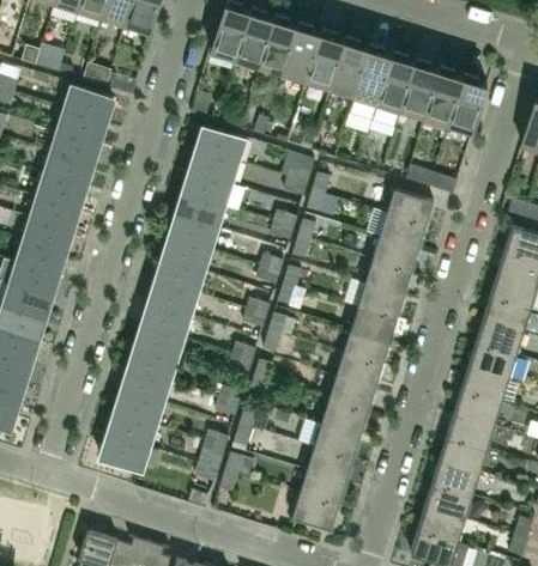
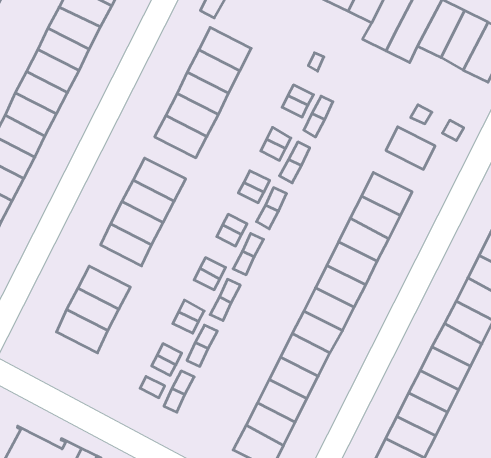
building: [379,213,425,248] -> none
building: [162,237,210,272] -> none
building: [127,347,176,382] -> none
building: [99,436,149,471] -> none

